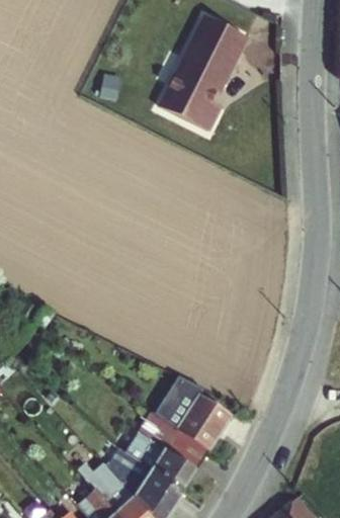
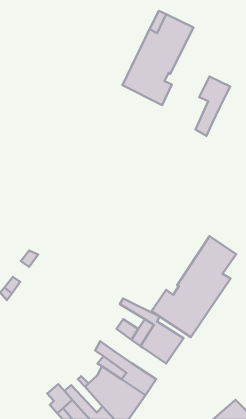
building: none -> [196,77,230,136]
building: none -> [151,236,236,337]
building: [171,428,212,466] -> none

